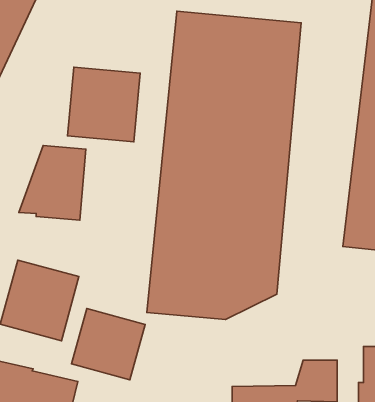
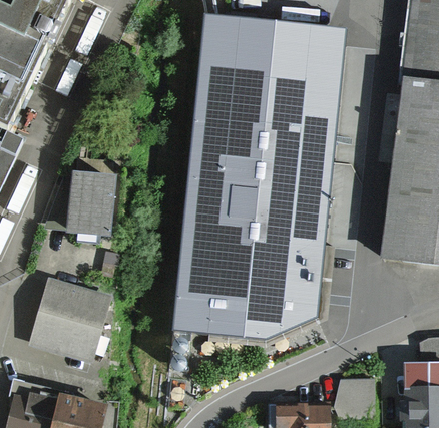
building: [67,67,140,142] -> none
building: [71,308,145,380] -> none

